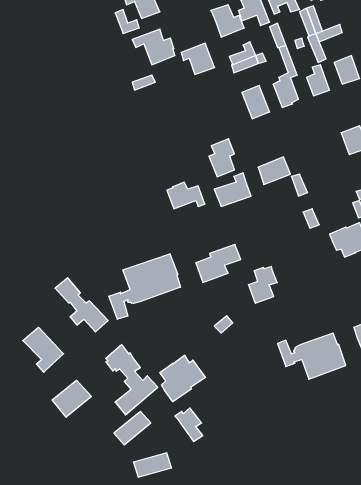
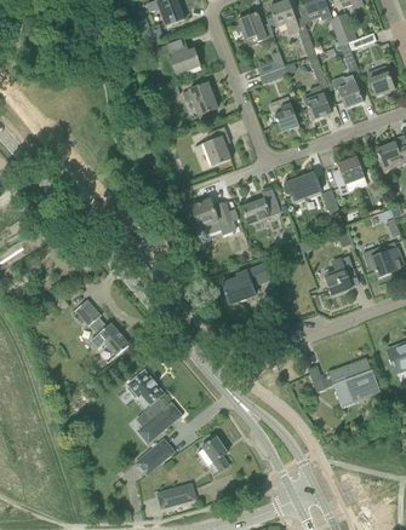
building: [181,43,215,74] -> [182,82,217,115]
building: [209,139,234,177] -> [204,126,230,166]
building: none -> [332,155,370,195]
building: [109,254,180,319] -> none
building: [248,266,277,303] -> [325,255,355,294]
building: [23,327,64,372] -> none
building: [160,355,205,402] -> none
building: [52,380,91,417] -> none

